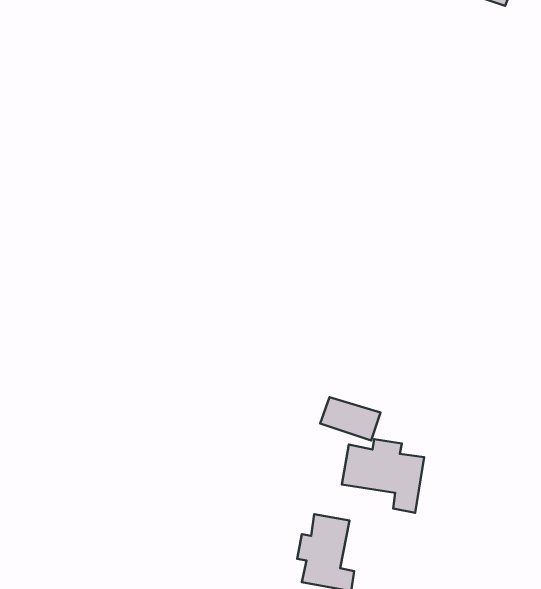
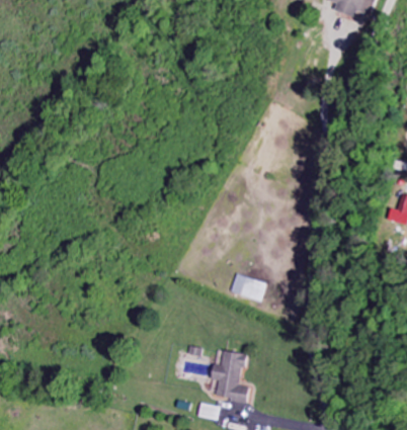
building: [342,439,424,513] -> none

